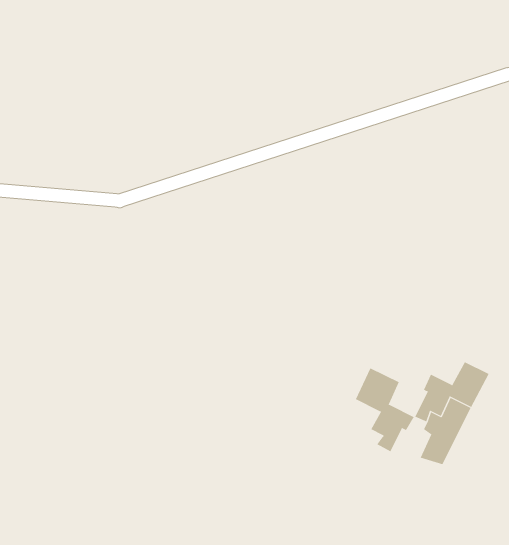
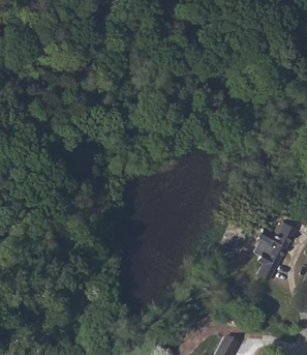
building: [355,367,414,452] -> none

